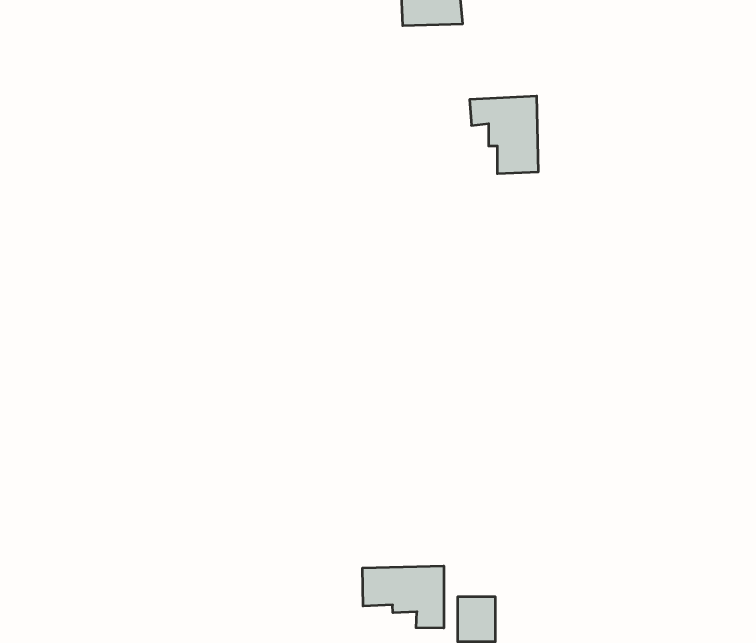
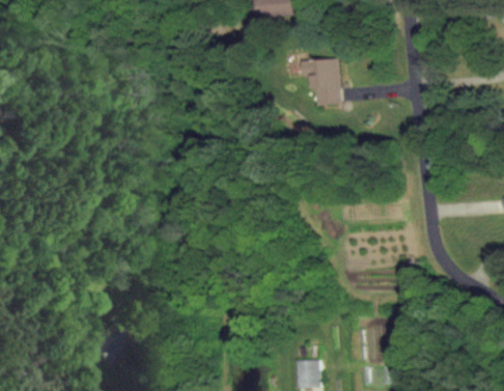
building: [363,566,444,628] -> none

